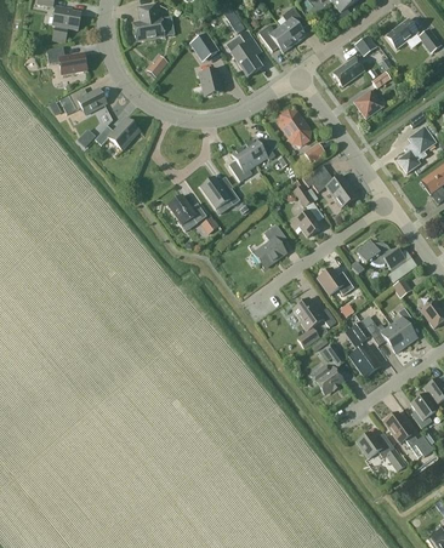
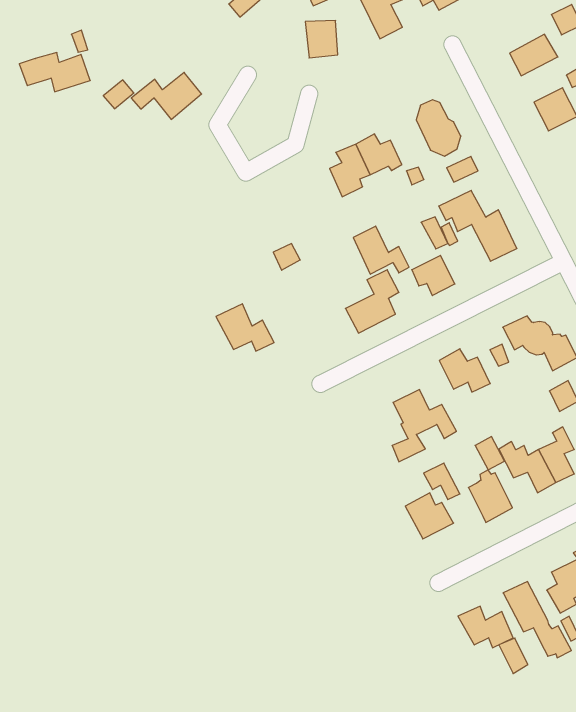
building: [59,87,107,114] -> [19,53,90,92]
building: [201,177,240,209] -> [353,226,409,274]
building: [167,194,207,224] -> [216,304,274,351]

